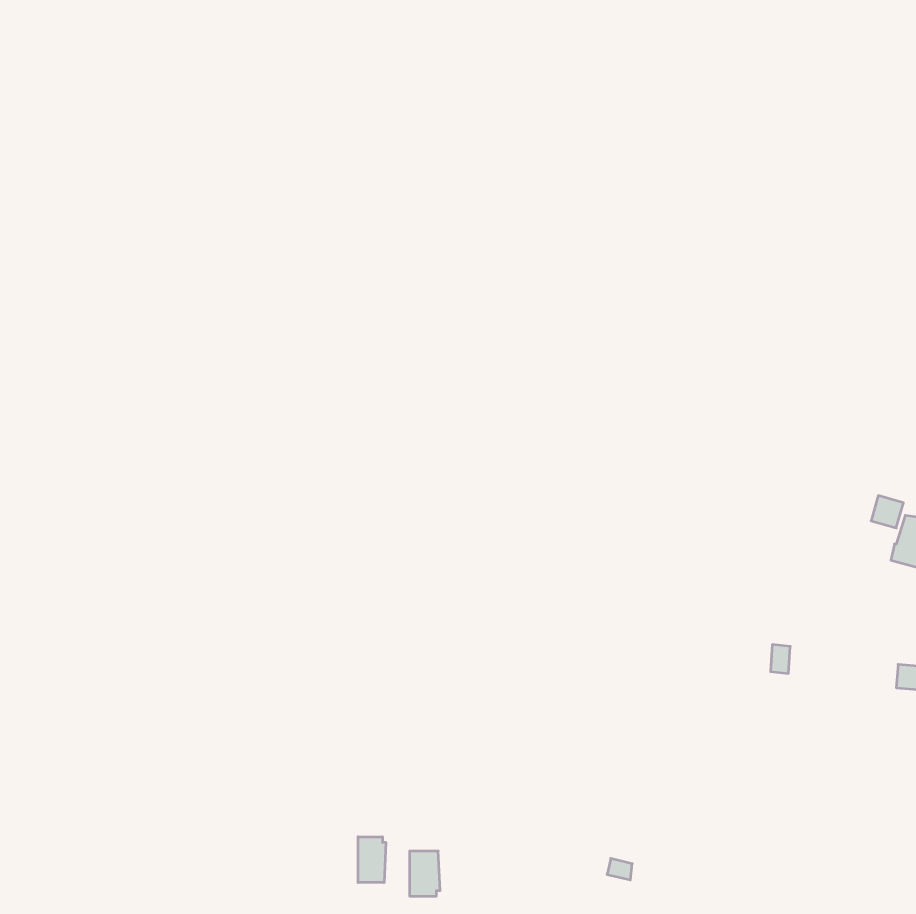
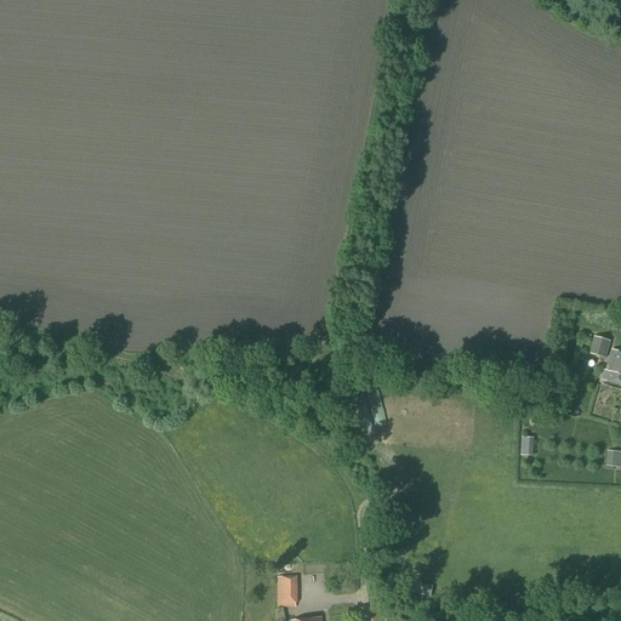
building: [358,837,386,883] -> none

